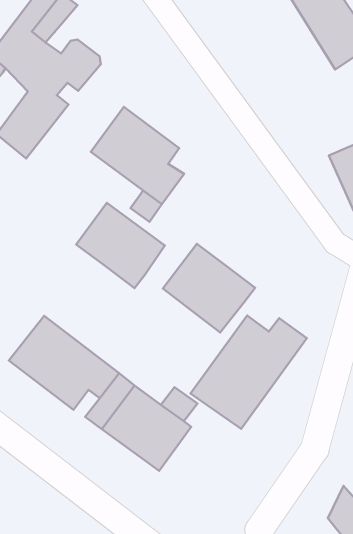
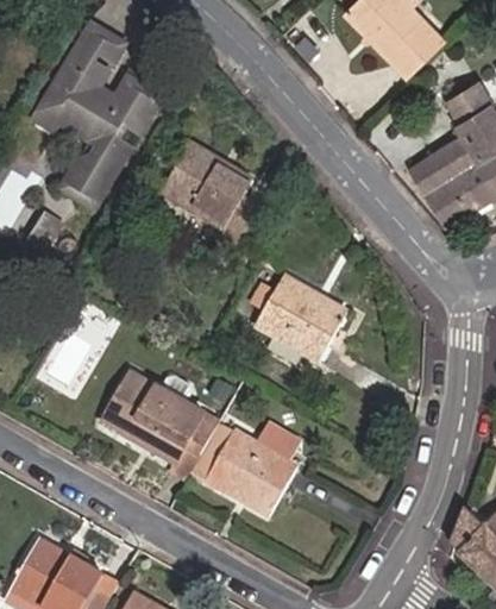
building: [76,203,165,288] -> none
building: [191,316,307,429] -> none

